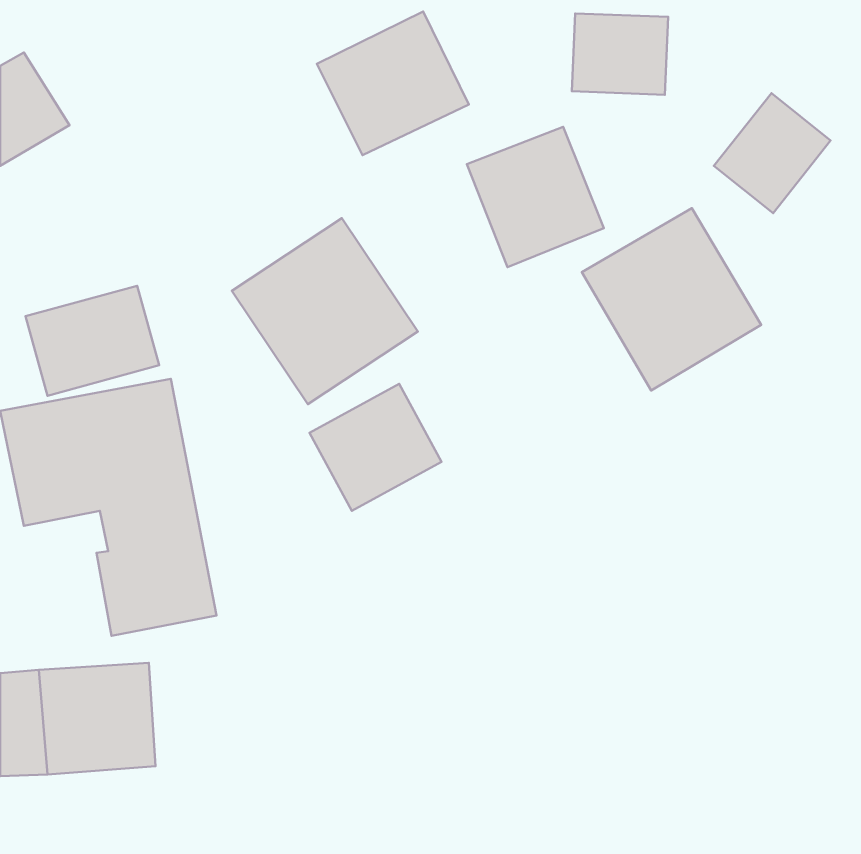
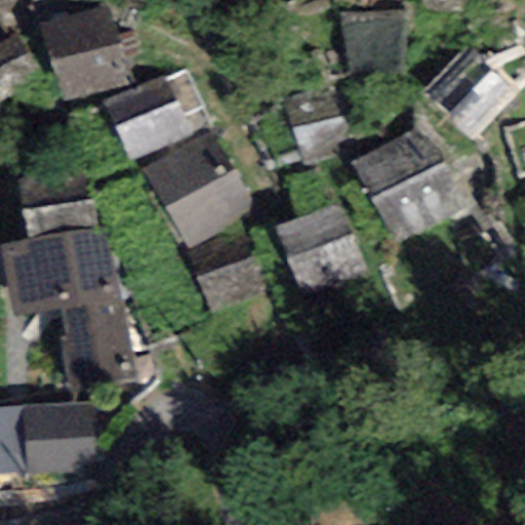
building: none -> [38,6,133,106]
building: [317,11,469,155] -> [99,75,192,162]
building: none -> [275,202,369,296]

